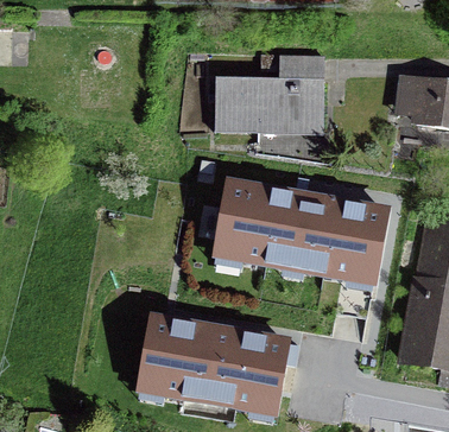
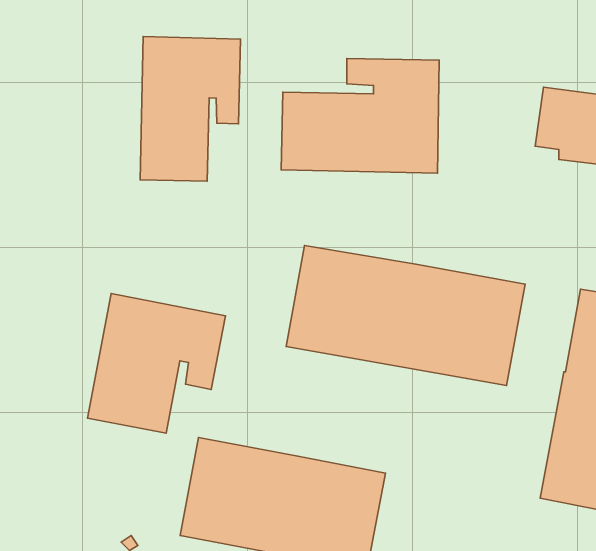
building: none -> [140,36,241,181]
building: none -> [87,293,225,433]

